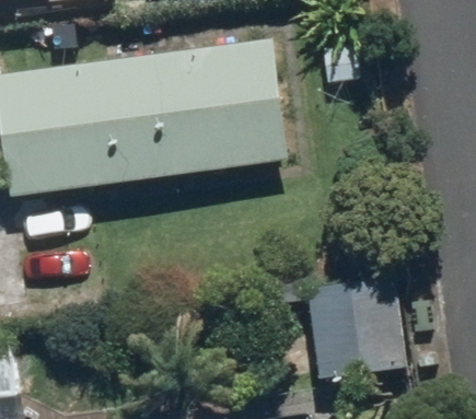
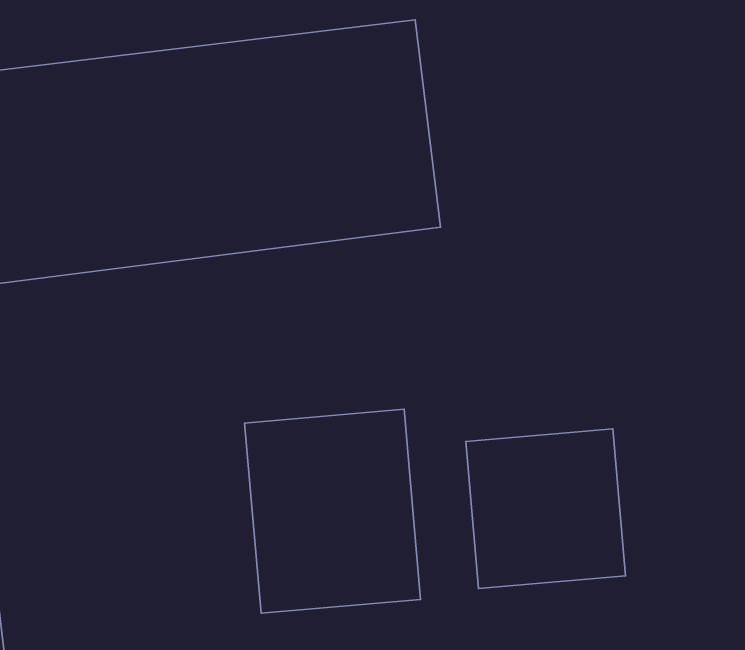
building: none -> [245,409,421,613]

